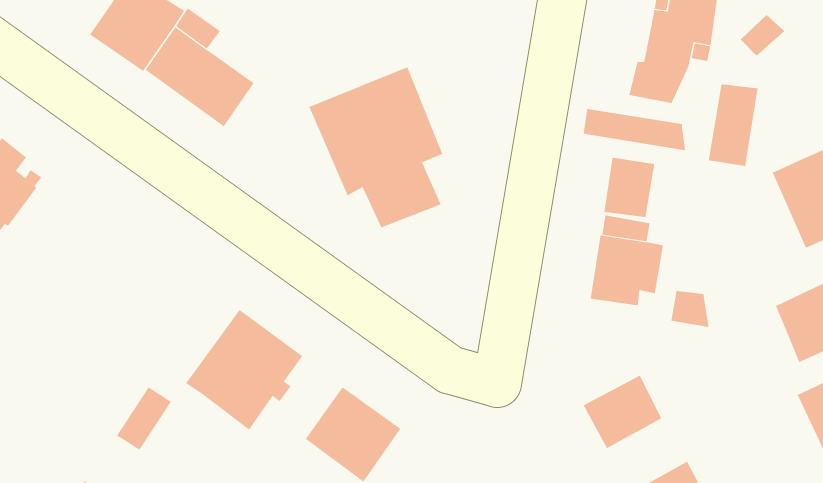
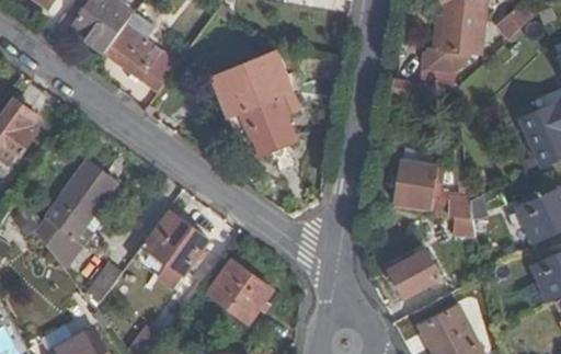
building: [708,84,758,167] -> none
building: [604,157,655,218] -> none
building: none -> [36,160,118,271]

